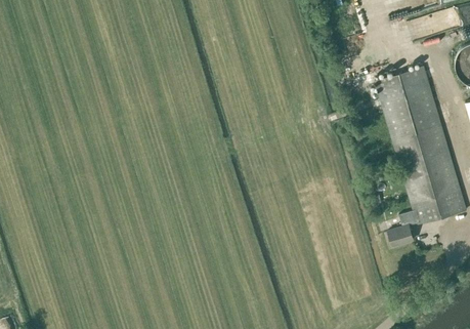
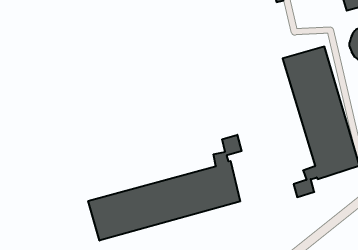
building: none -> [88,135,242,241]

